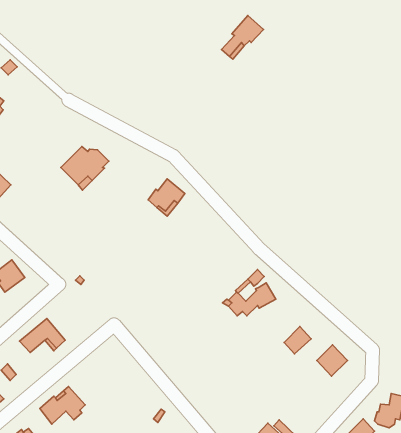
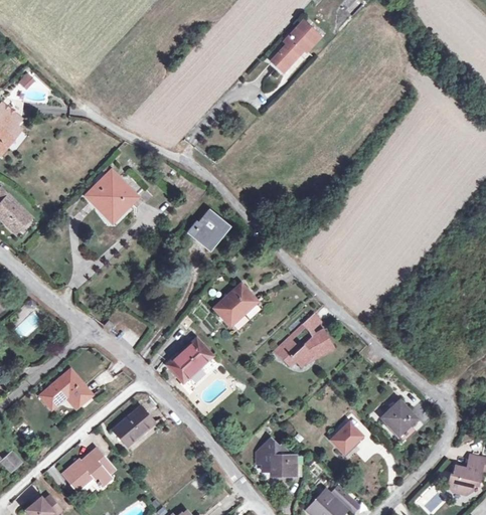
building: none -> [214,284,257,325]
building: none -> [167,339,211,381]
building: [284,327,311,354] -> [331,421,362,453]
building: none -> [114,406,154,445]
building: none -> [256,439,294,474]

